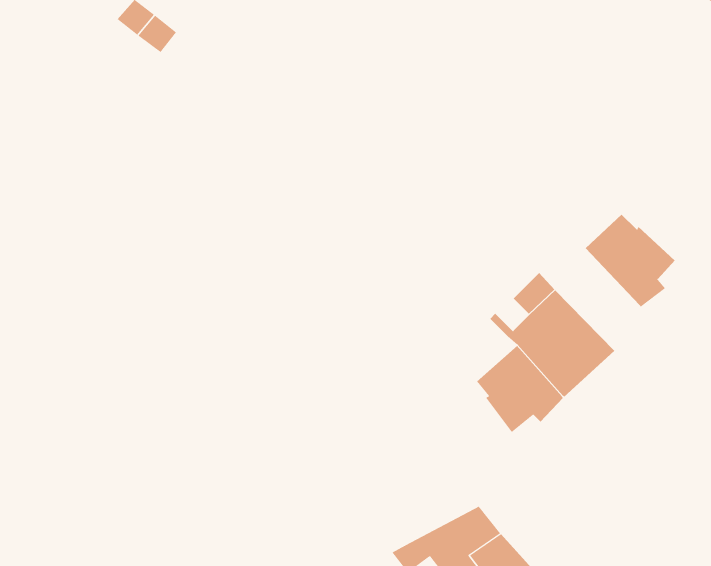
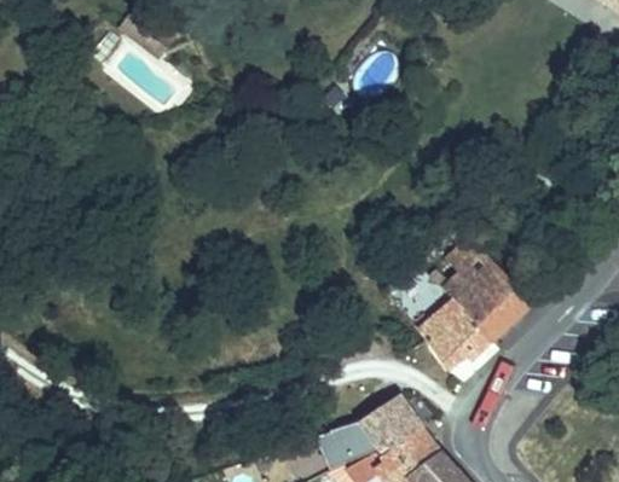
building: [585,214,676,307] -> none
building: none -> [314,401,421,471]

